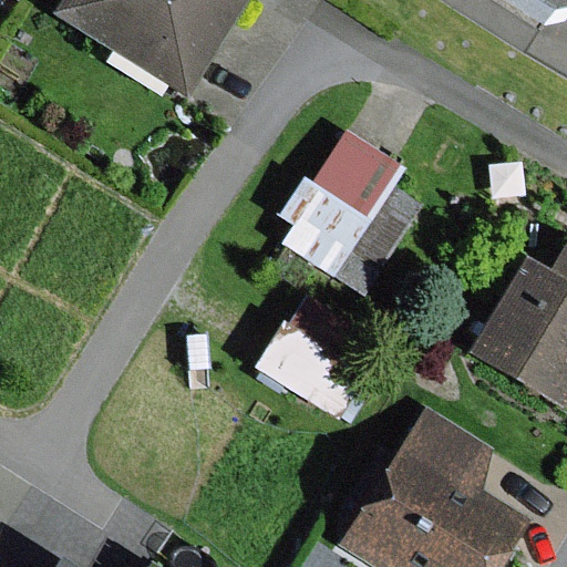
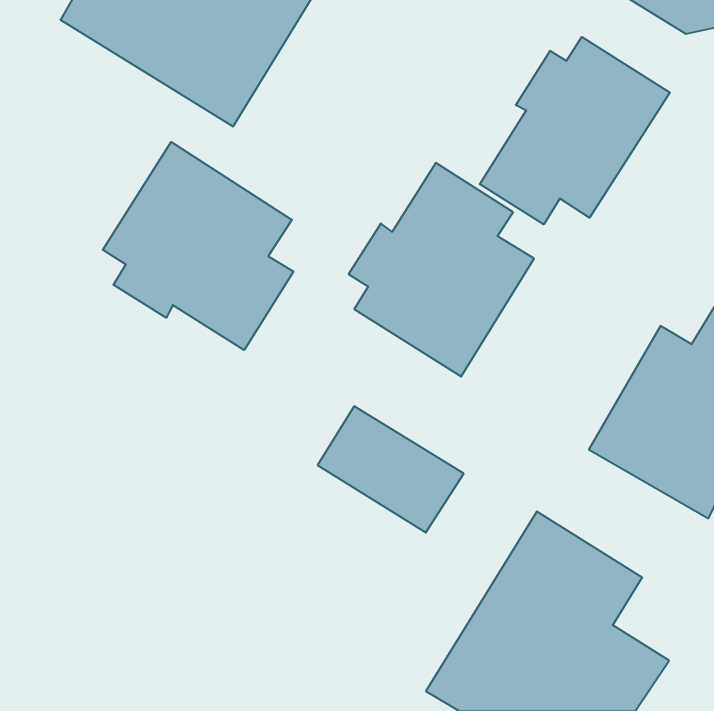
building: none -> [480,37,670,224]
building: none -> [103,142,293,350]

